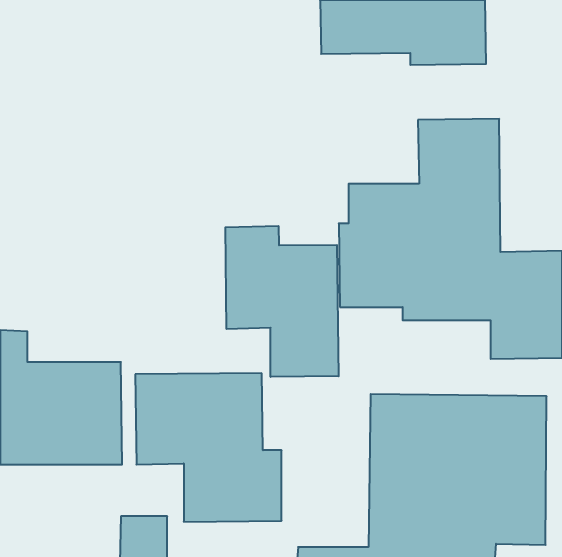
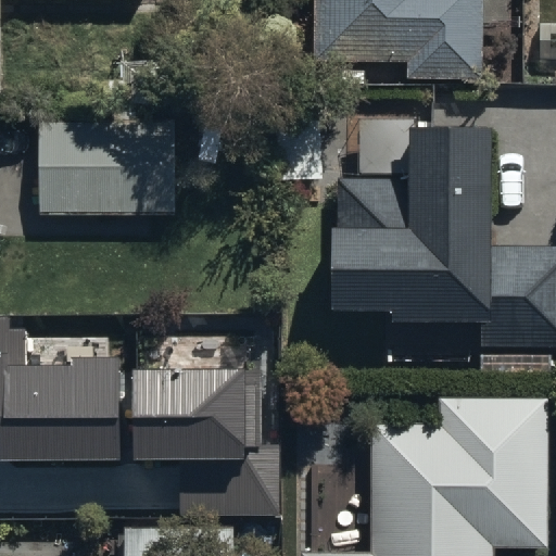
building: none -> [38,101,178,210]
building: [225,226,339,377] -> none

